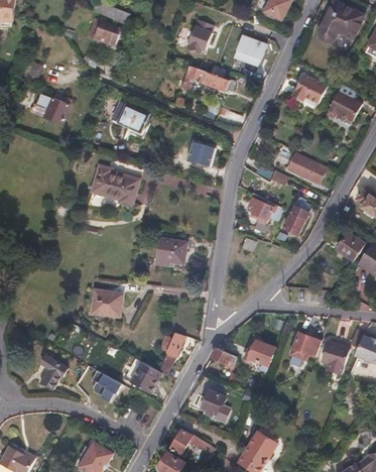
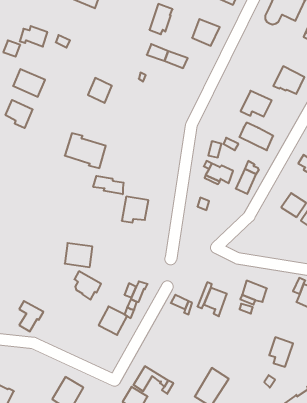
building: [90,22,121,45] -> [20,26,47,47]
building: [292,74,328,103] -> [241,91,272,117]
building: none -> [6,100,33,128]
building: [186,139,218,167] -> none
building: none -> [93,176,124,194]
building: [322,341,349,374] -> [269,337,293,367]
building: [93,370,123,402] -> [74,271,101,300]
building: [201,390,228,419] -> none

